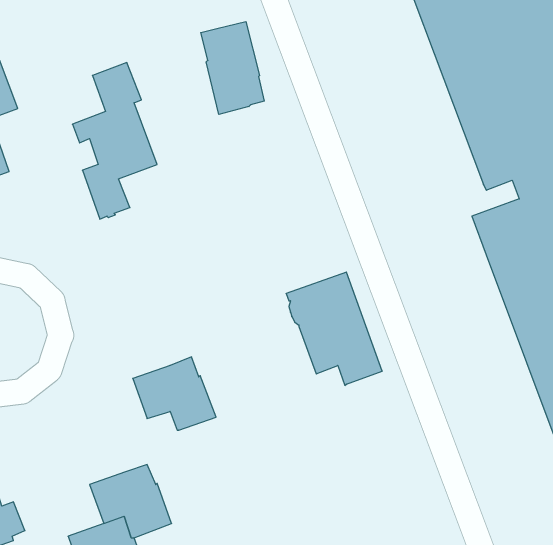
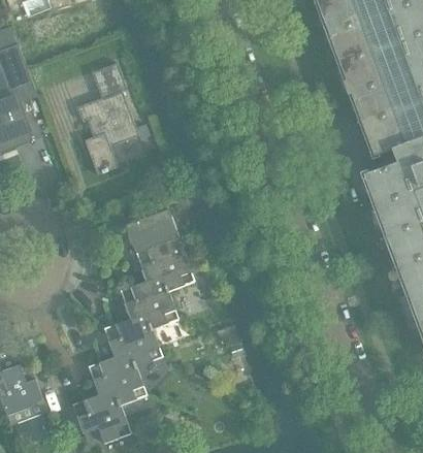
building: [201,22,264,114] -> none
building: [286,272,382,385] -> [125,208,194,290]
building: none -> [104,315,163,367]

